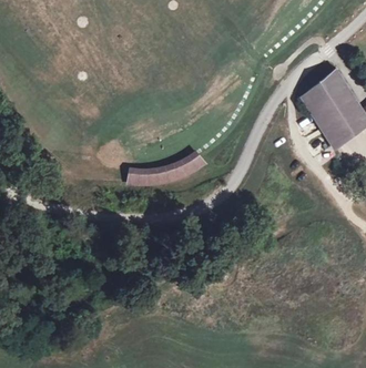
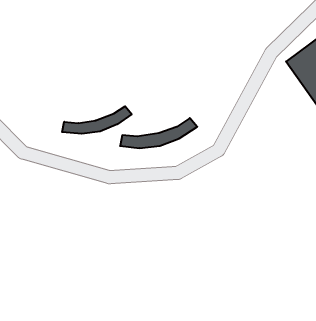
building: none -> [62,106,132,134]

